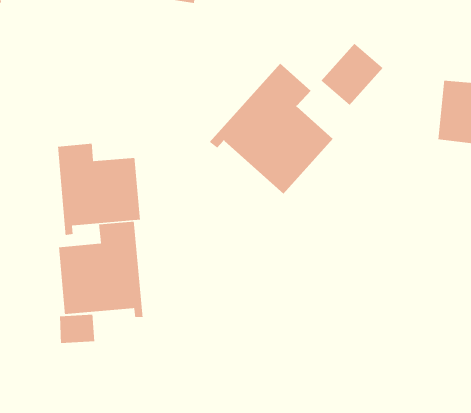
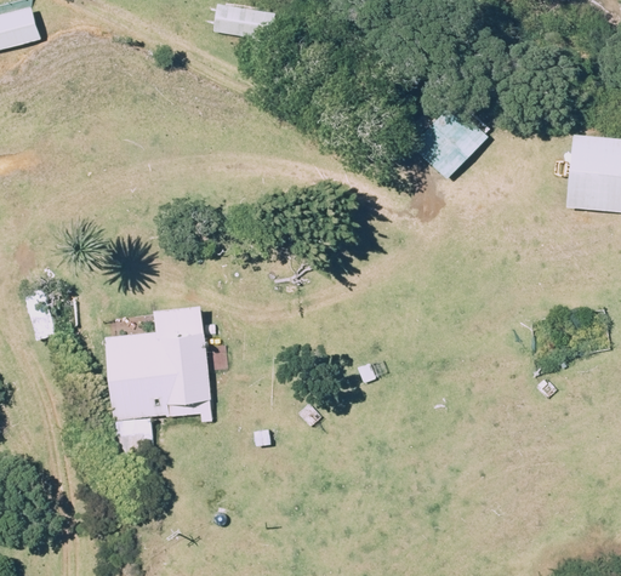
building: [209,63,333,195] -> none
building: [57,143,141,236] -> none

